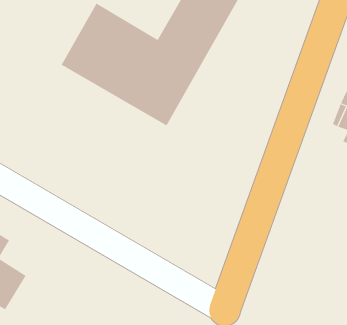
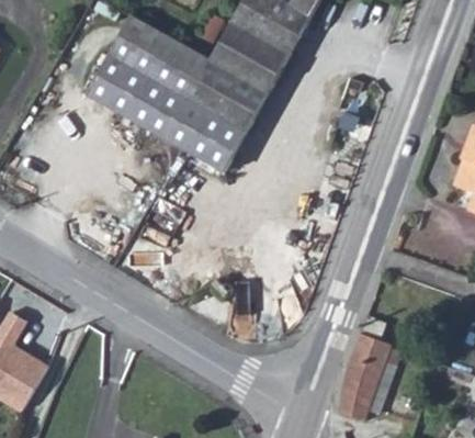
building: none -> [329,327,386,419]

